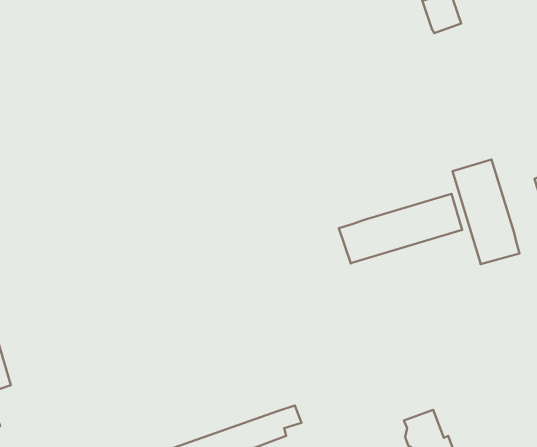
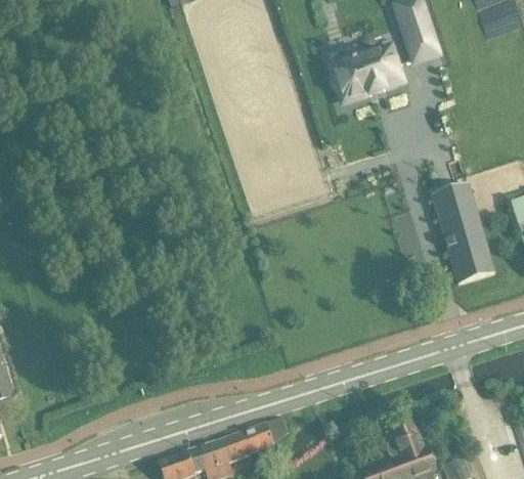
building: none -> [329,45,405,106]
building: [339,194,462,263] -> none

